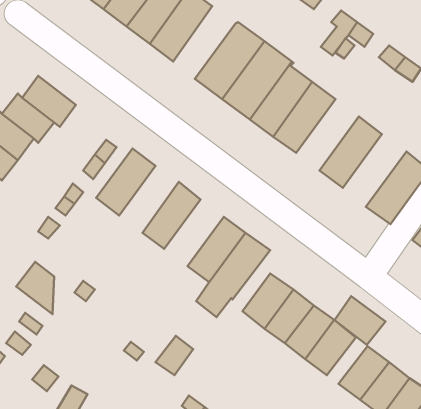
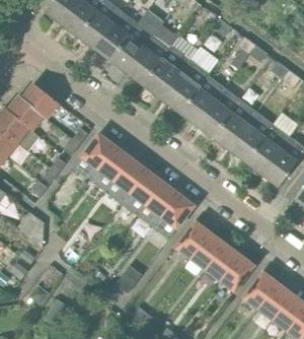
building: none -> [127,35,170,85]
building: none -> [213,99,256,149]
building: none -> [245,124,290,175]
building: none -> [89,146,131,193]
building: none -> [121,170,162,216]
building: [334,296,385,345] -> none

